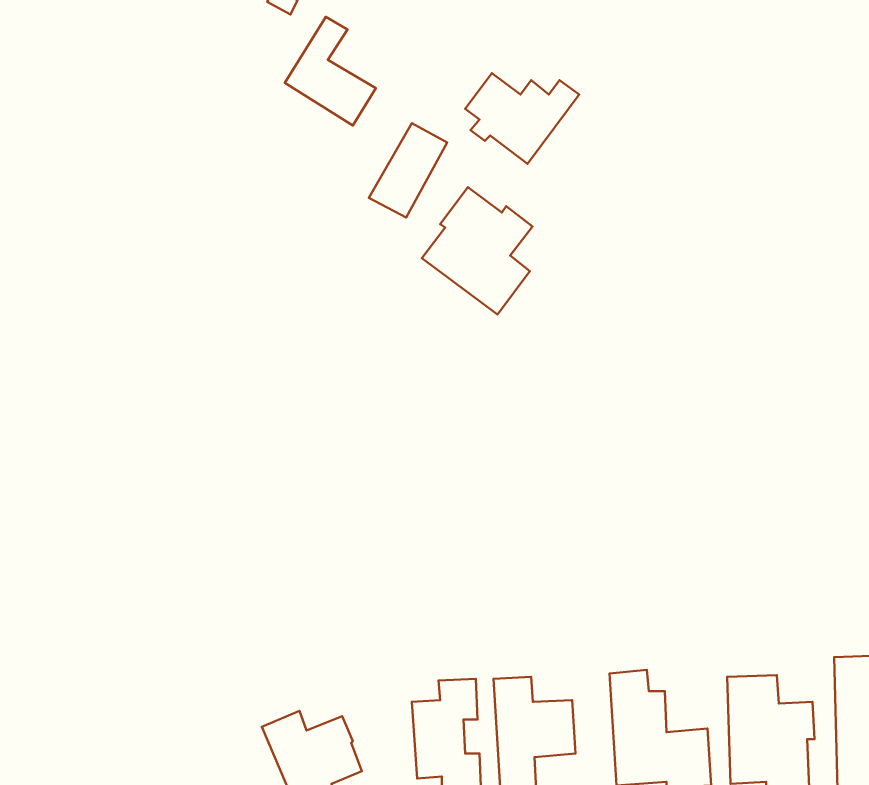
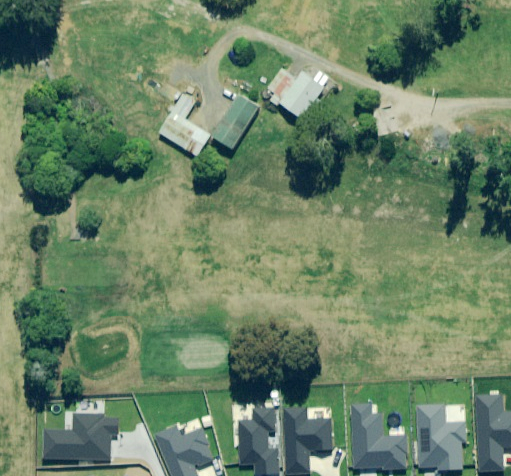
building: [285,17,376,126] -> [161,95,212,156]
building: [422,187,532,314] -> none
building: none -> [45,413,117,458]

